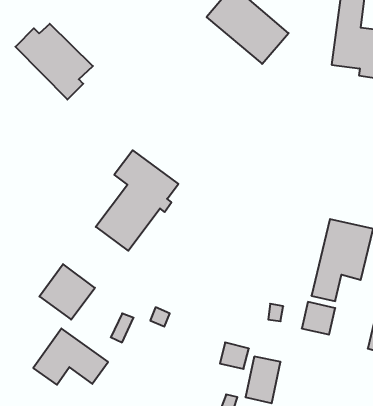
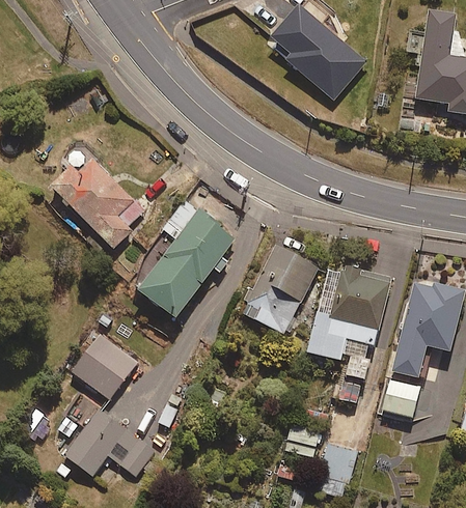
building: [15,24,93,100] -> [52,159,143,248]
building: none -> [239,244,319,334]
building: none -> [306,264,392,360]

